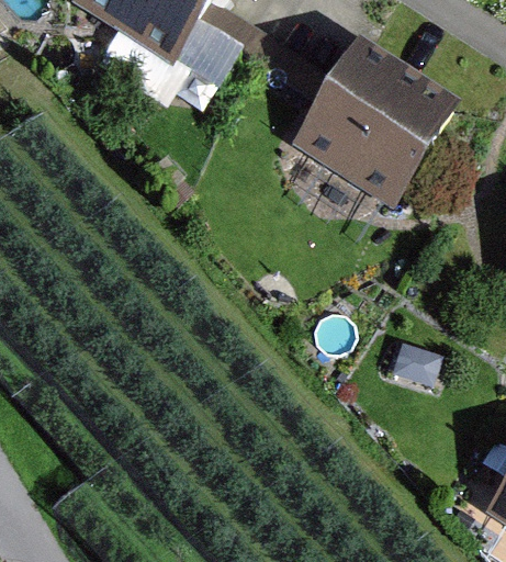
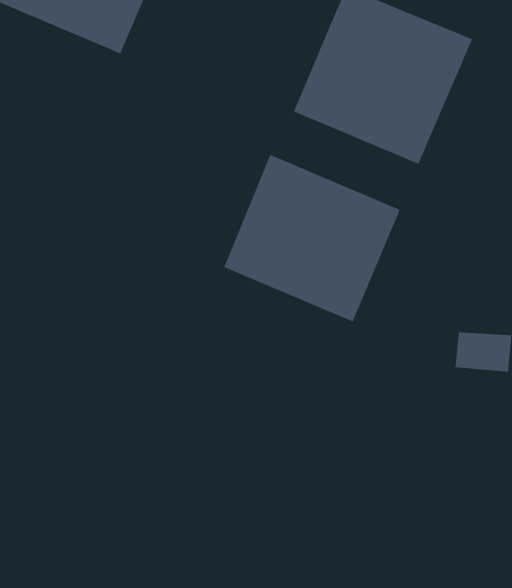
building: none -> [223,154,401,322]

